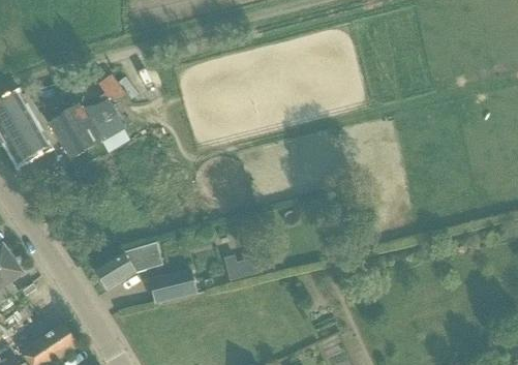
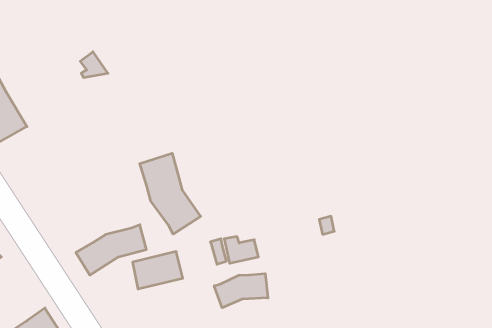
building: [49,100,124,159] -> none
building: none -> [140,153,201,234]
building: none -> [214,274,268,308]

